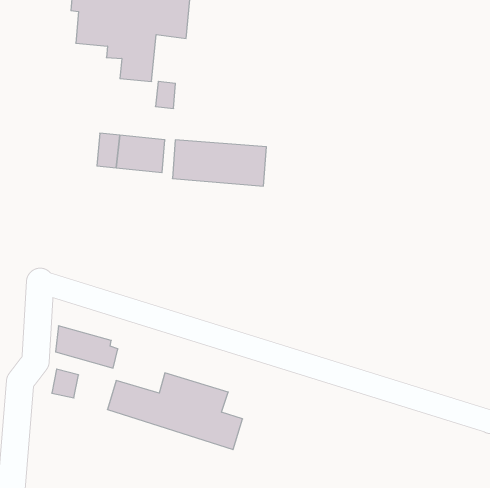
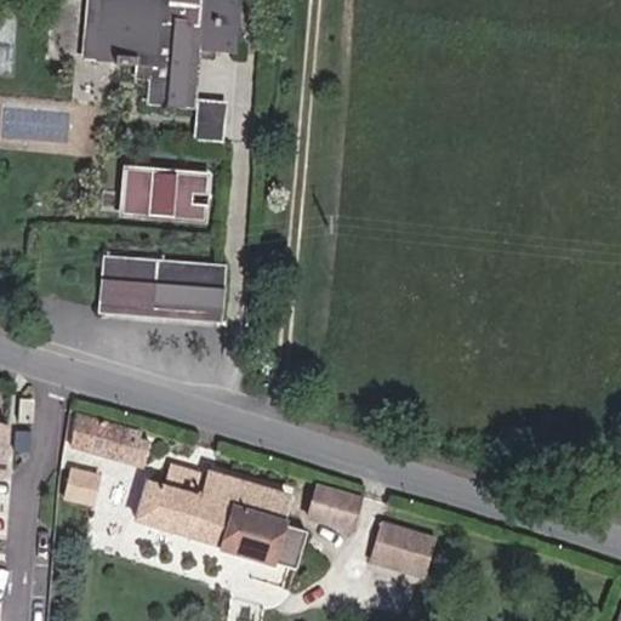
building: [172,140,266,186] -> [102,258,221,317]
building: none -> [309,486,360,526]
building: none -> [372,523,433,574]

